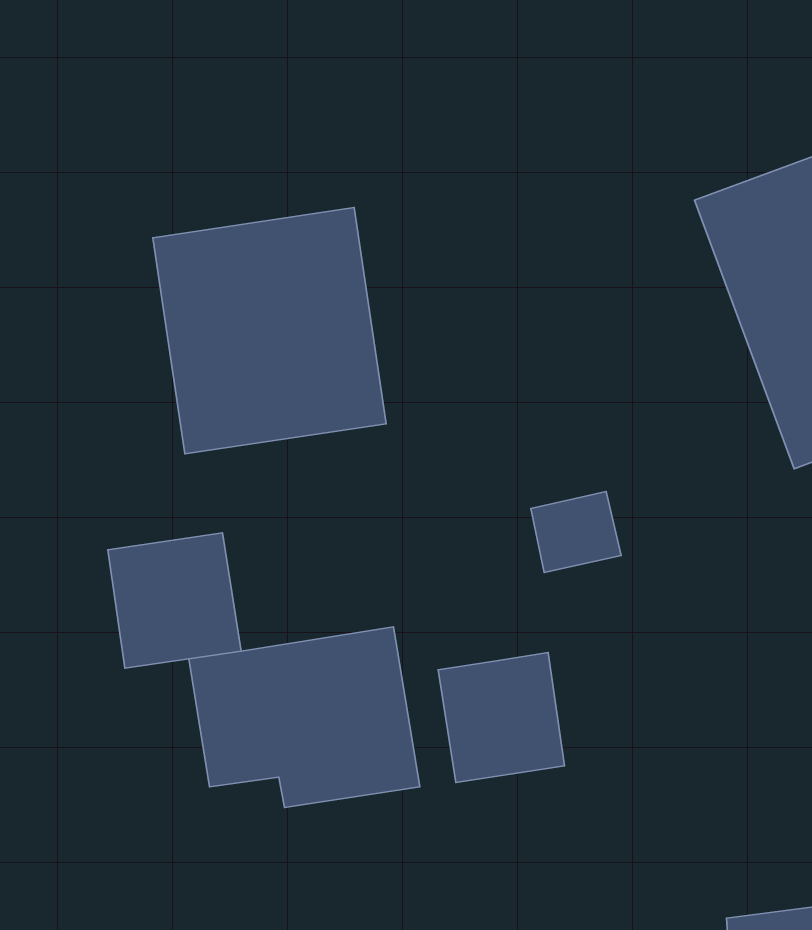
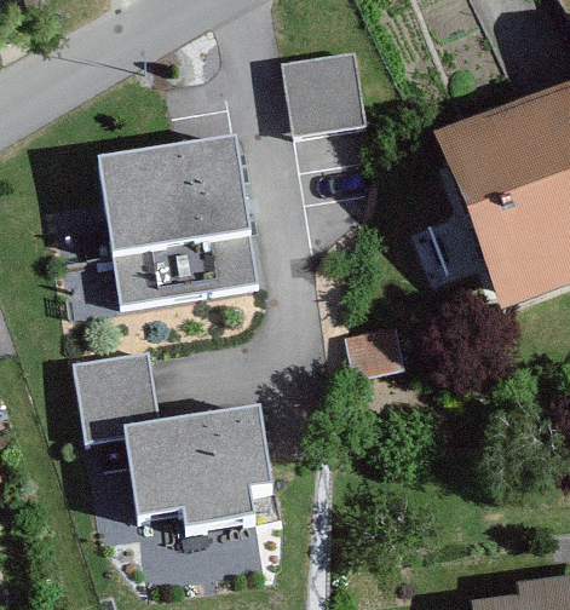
building: none -> [281,53,359,133]
building: [438,653,564,782] -> none

